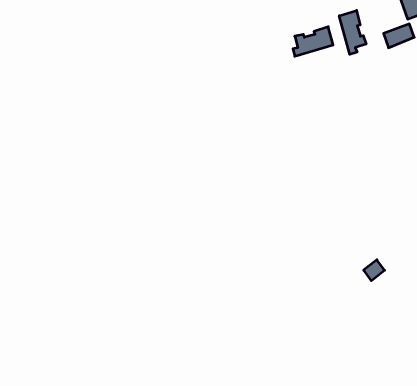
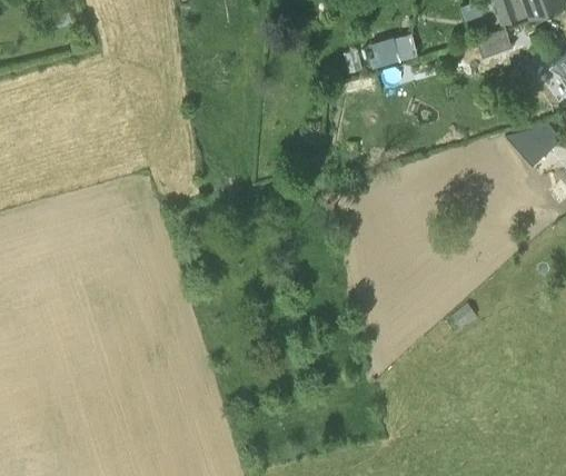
building: [339,10,366,54] -> none

